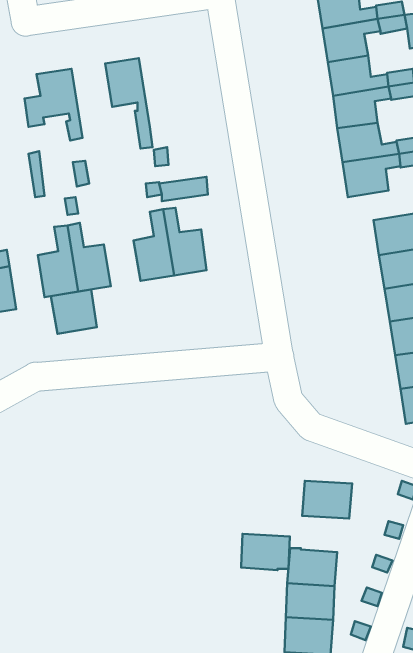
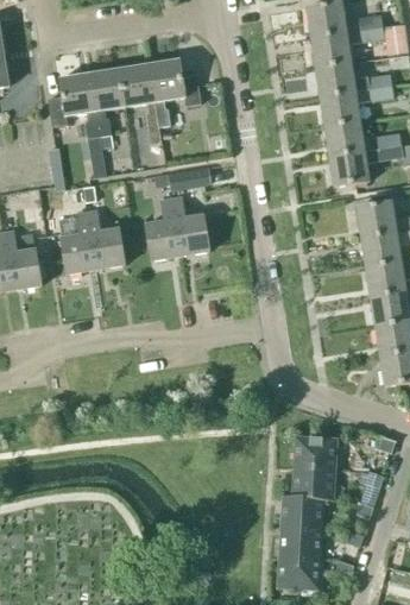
building: none -> [149,59,200,125]
building: none -> [89,69,125,147]
building: [51,290,97,334] -> none
building: [241,534,290,570] -> [291,467,334,499]

